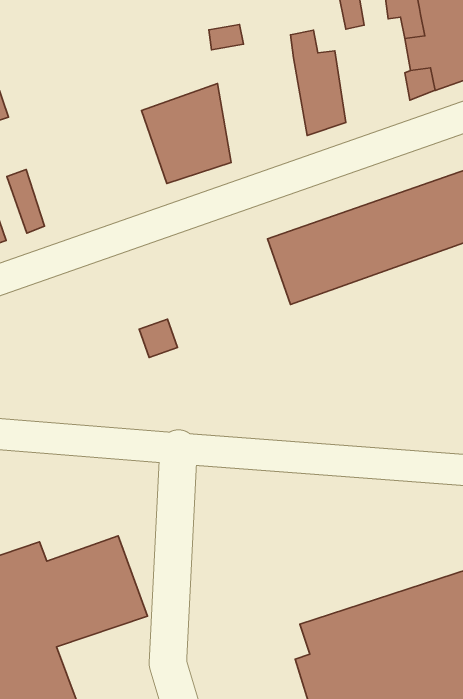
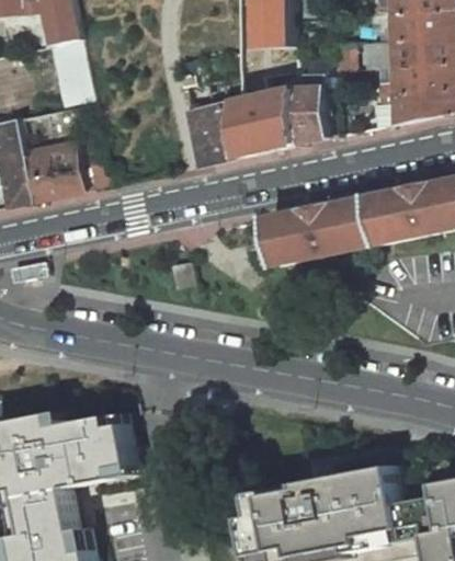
building: none -> [242,90,300,159]

